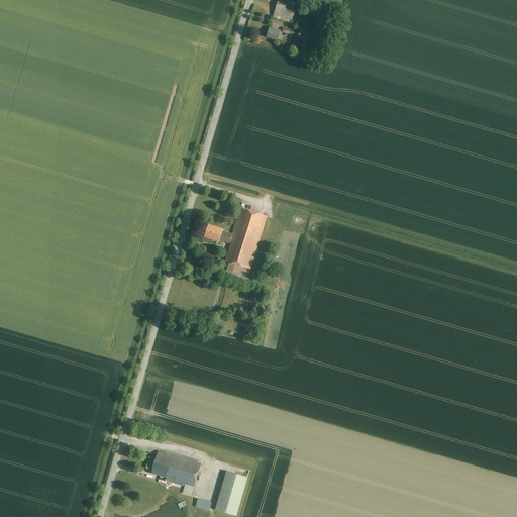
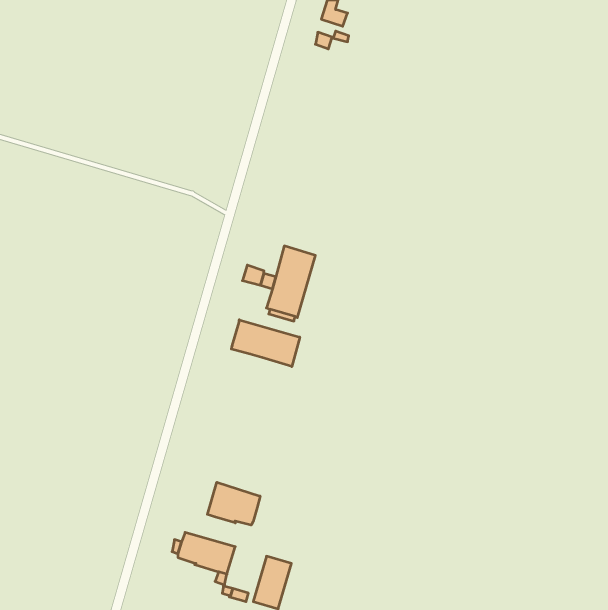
building: none -> [231,320,300,367]
building: none -> [207,482,260,525]

